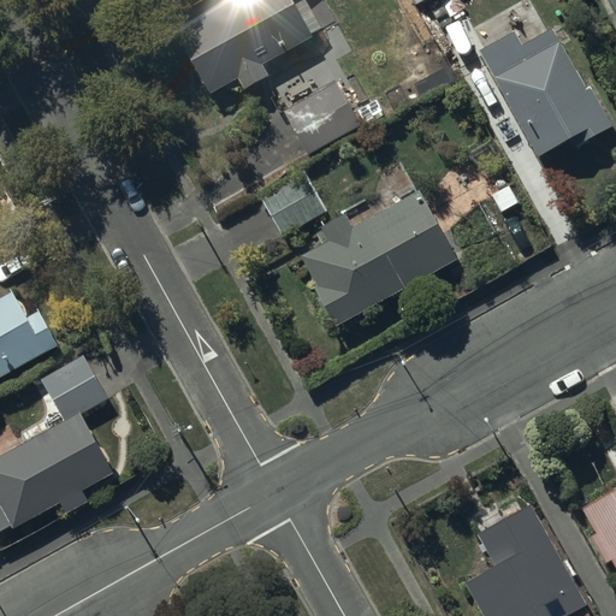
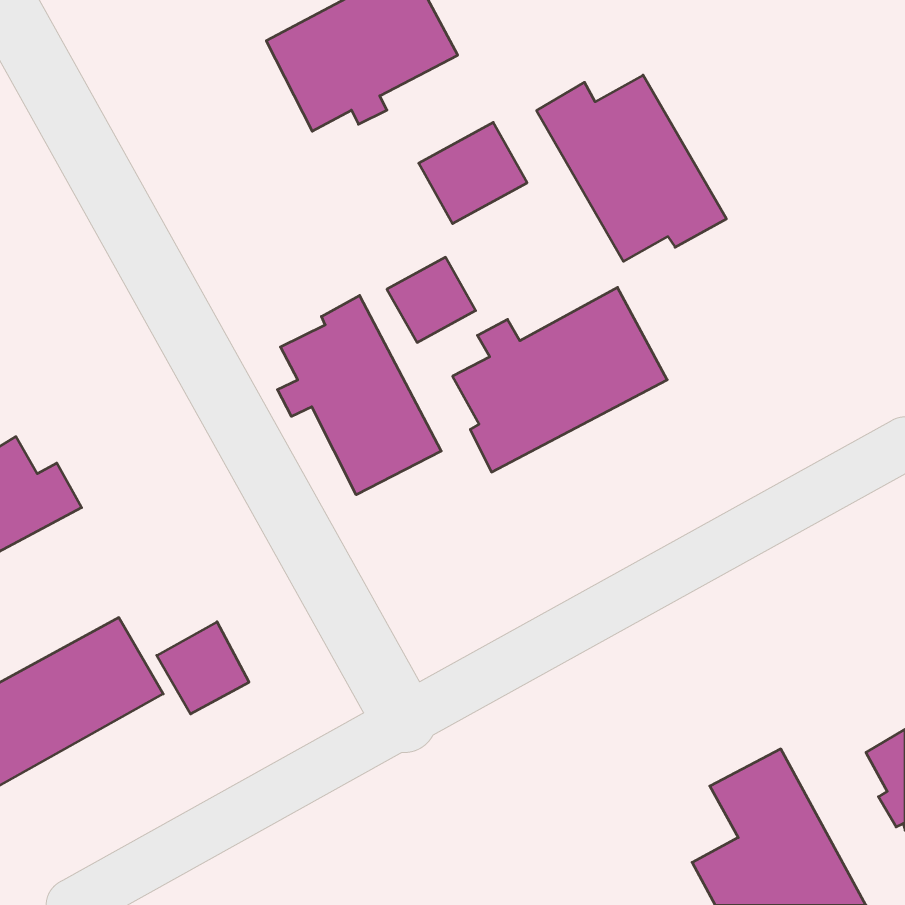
building: [480,29,609,155] -> [537,75,726,261]
building: none -> [277,295,441,495]
building: [42,359,105,421] -> [157,622,249,714]

